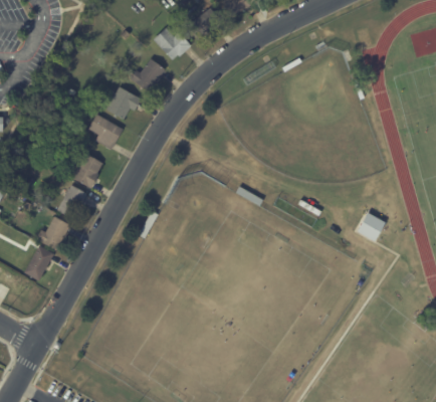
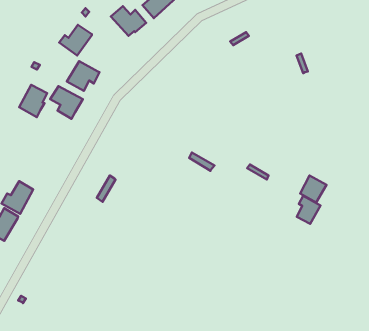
building: [130,58,165,91] -> [59,25,92,56]
building: [71,153,101,188] -> [19,85,47,117]
building: [56,184,86,219] -> none
building: none -> [297,196,321,224]

